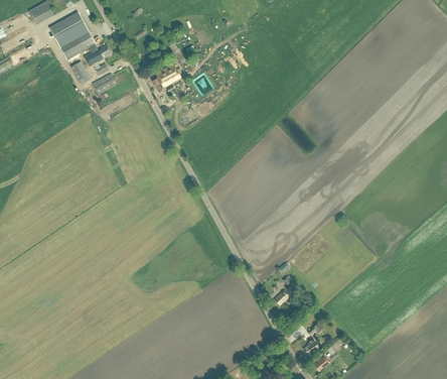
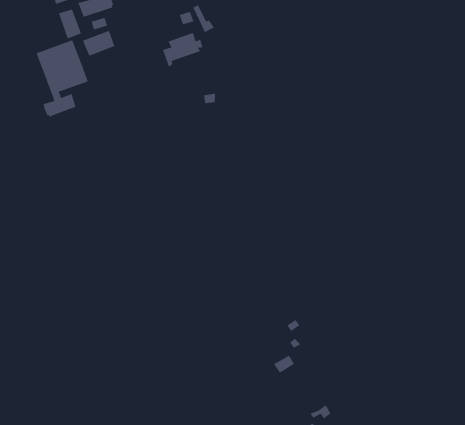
building: none -> [36,39,88,117]

